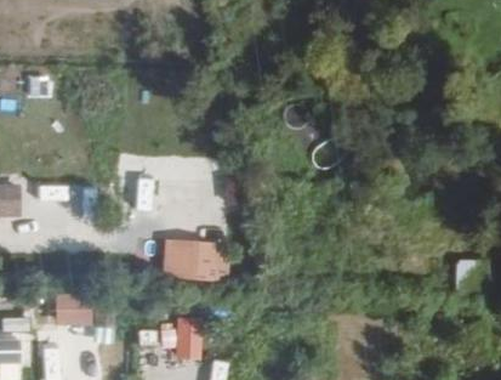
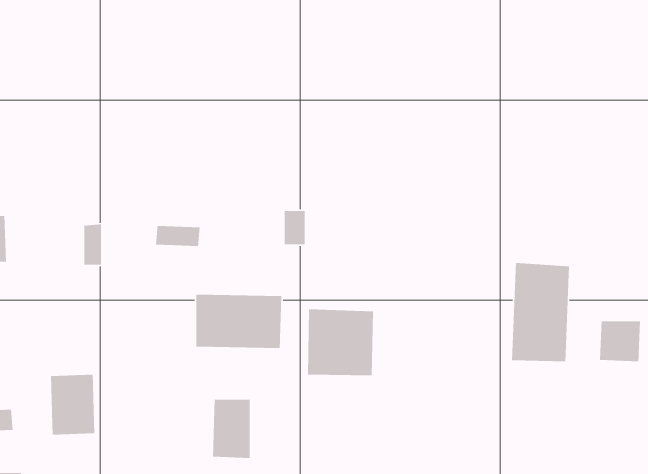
building: none -> [511,262,570,362]
building: none -> [307,309,374,376]

